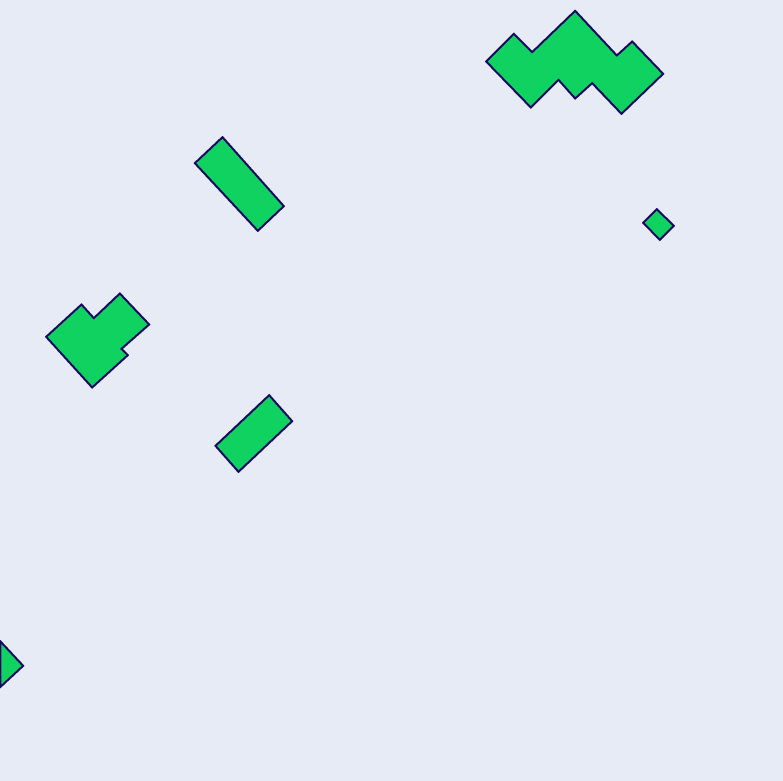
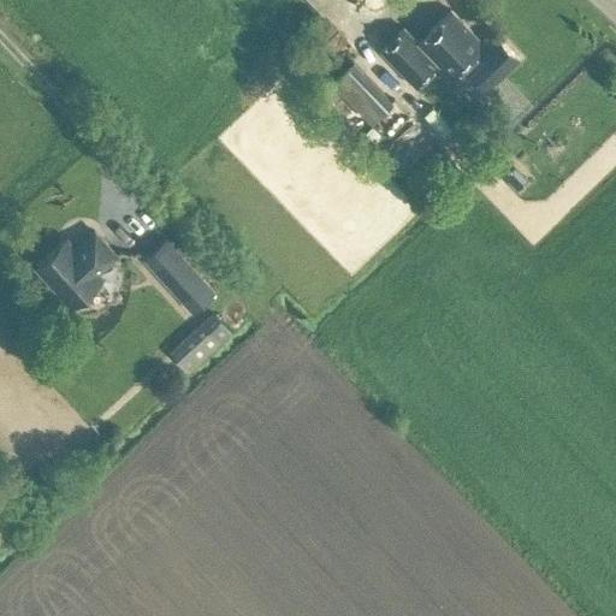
building: none -> [334,63,395,124]
building: [195,137,284,231] -> [146,241,215,314]

